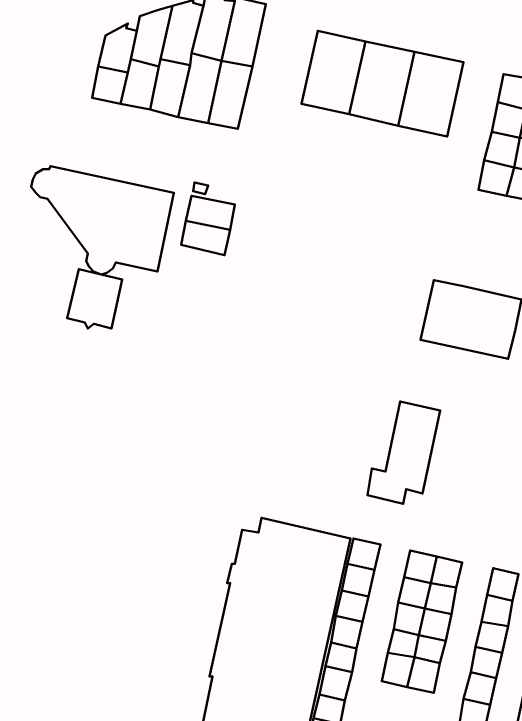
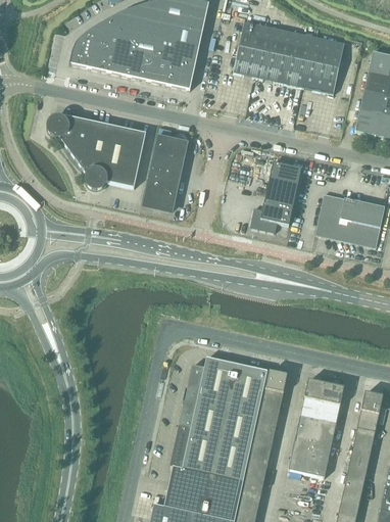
building: none -> [71,25,98,67]
building: [67,269,122,328] -> [142,169,180,209]
building: [368,402,440,504] -> [250,161,300,232]

